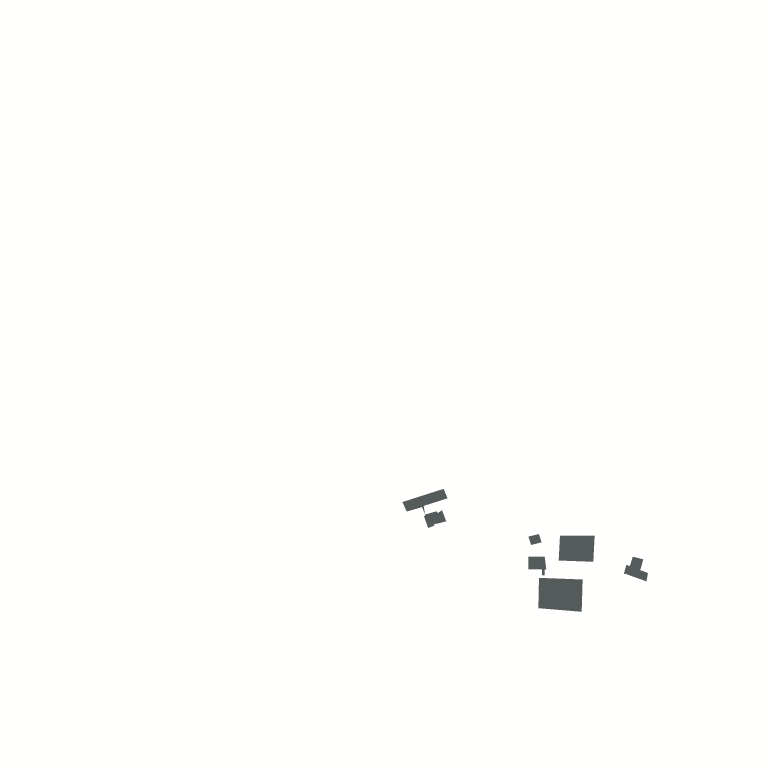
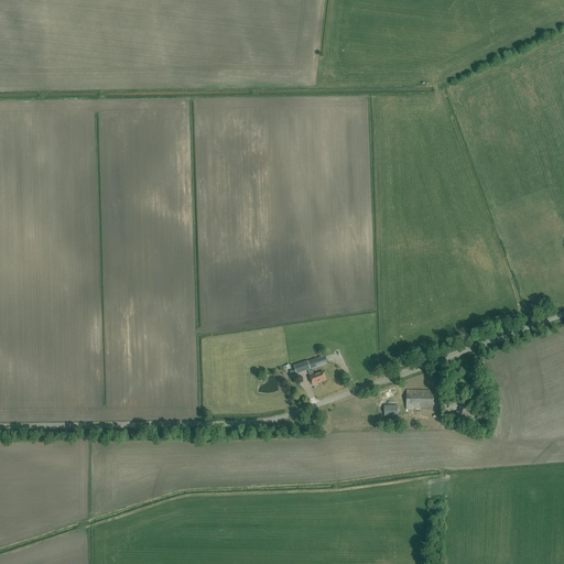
building: [538,577,583,612] -> none

